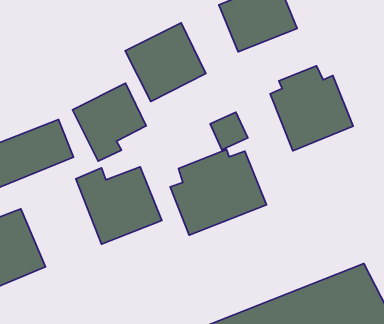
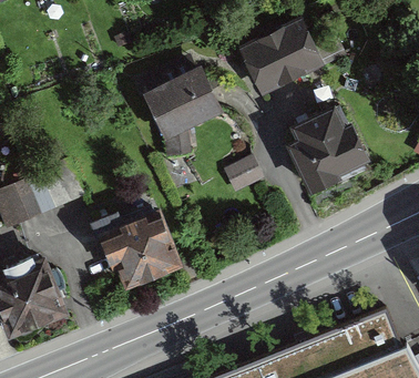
building: [72,83,146,161] -> none
building: [170,149,266,235] -> none

